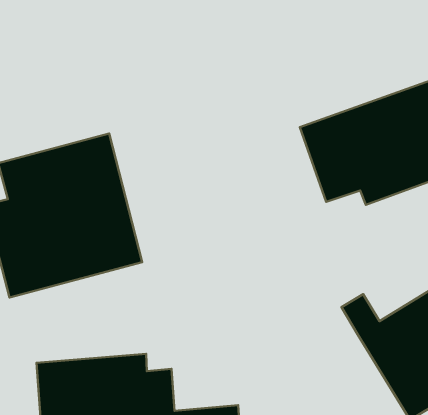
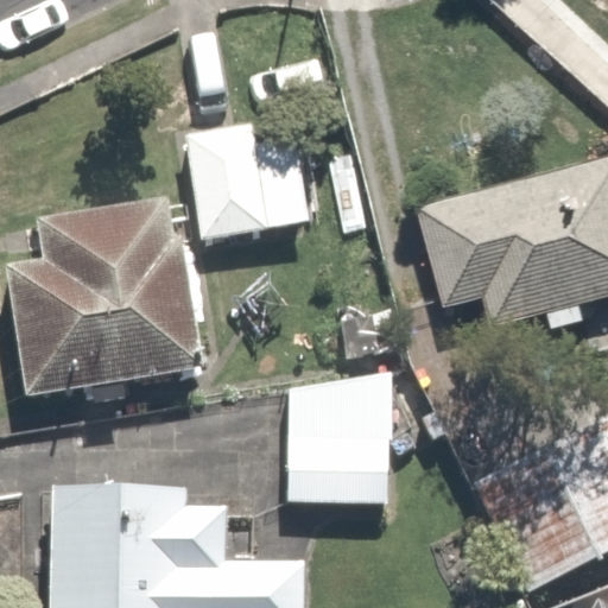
building: none -> [186,120,312,236]
building: none -> [283,374,394,509]

